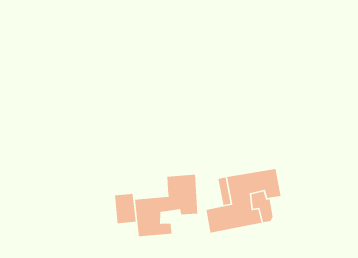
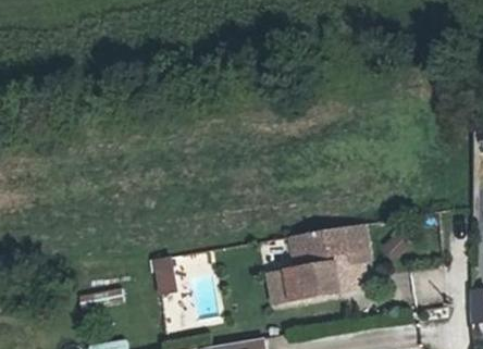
building: [134,174,198,237] -> none

